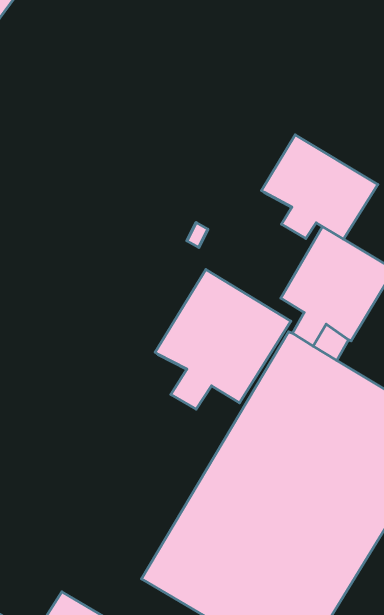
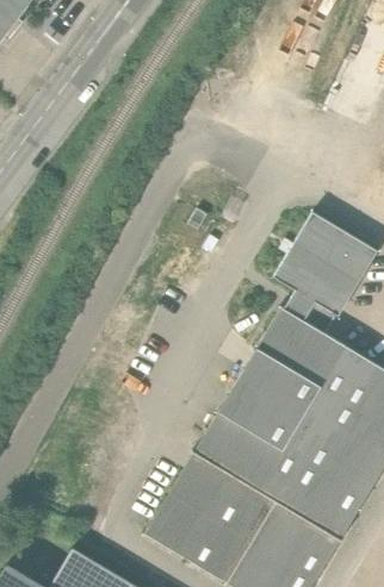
building: [262,135,378,239] -> none
building: [155,269,291,409] -> none

